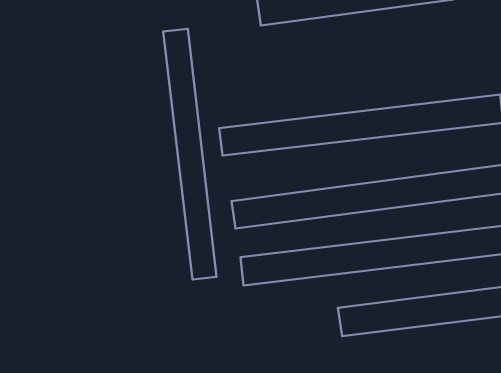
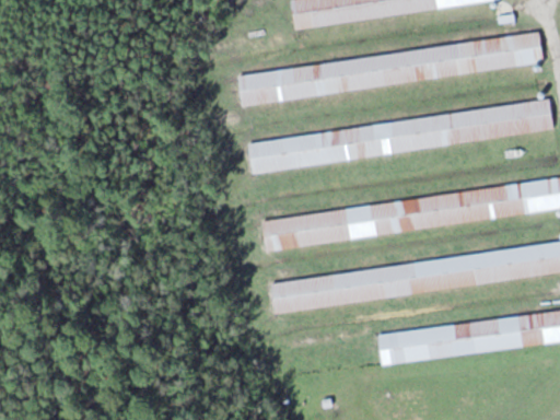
building: [163,29,217,279] -> none
building: none -> [240,34,547,103]

